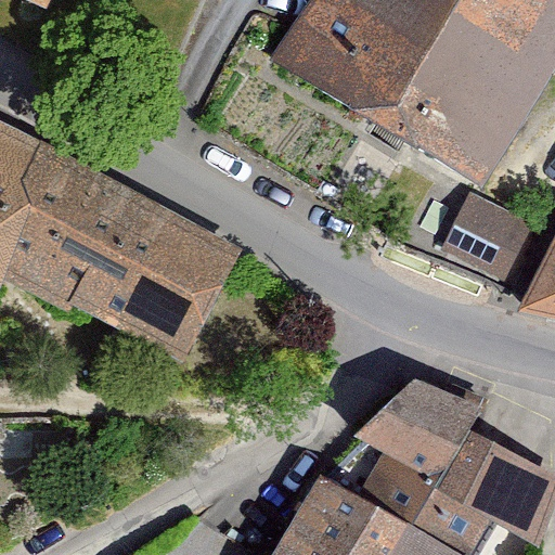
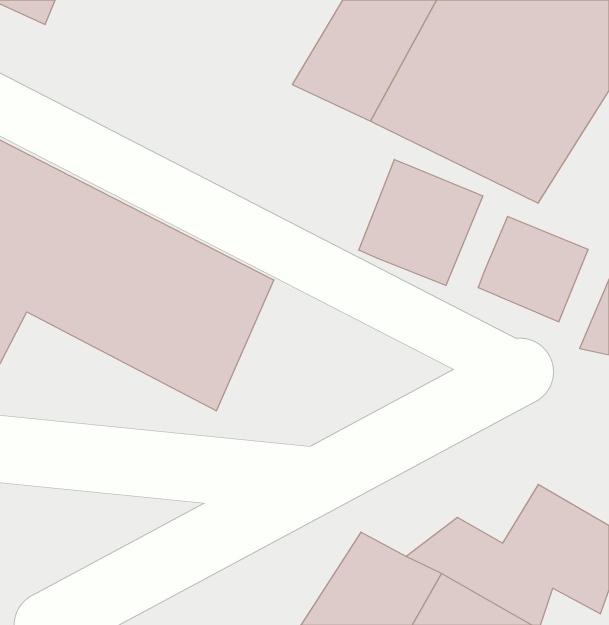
building: none -> [359,159,483,286]
building: [357,377,492,481] -> none

